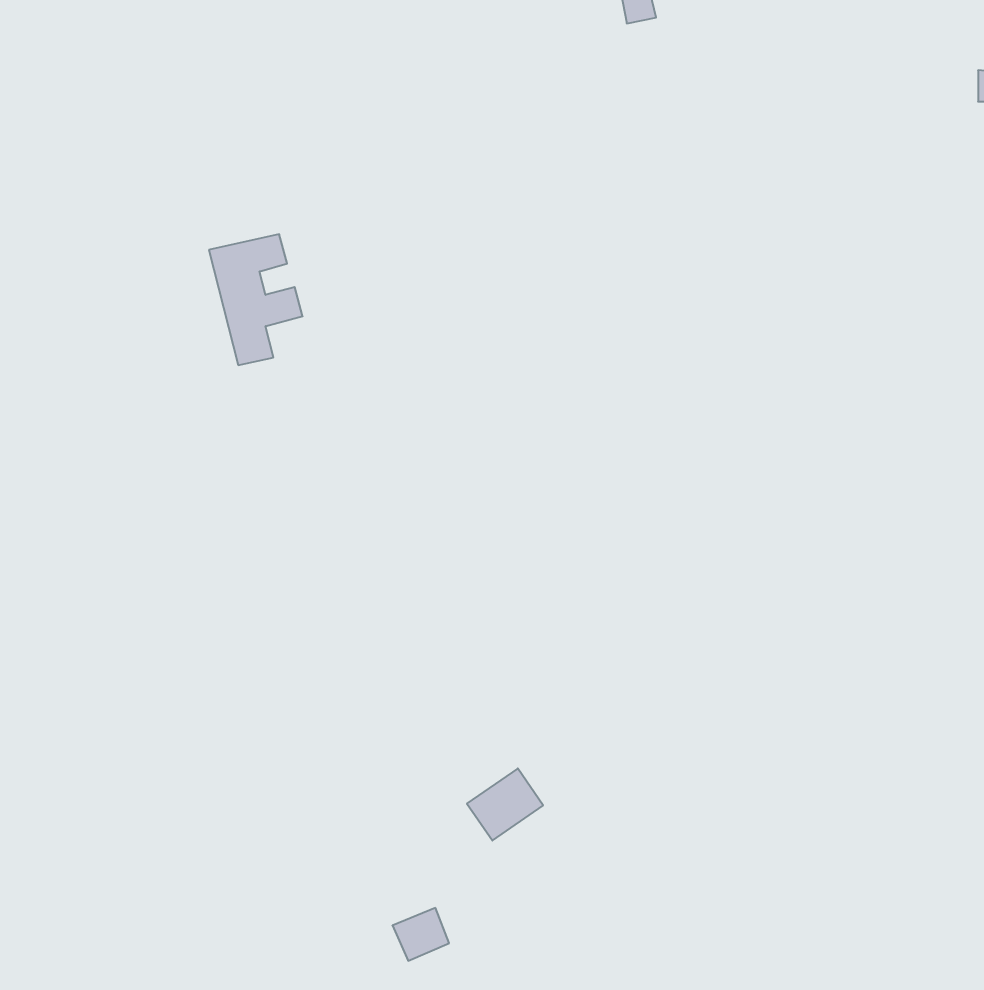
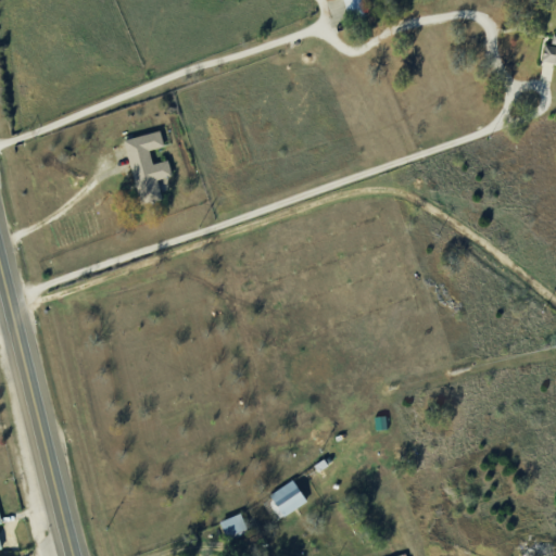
building: [467,768,543,841] -> [267,479,309,519]

